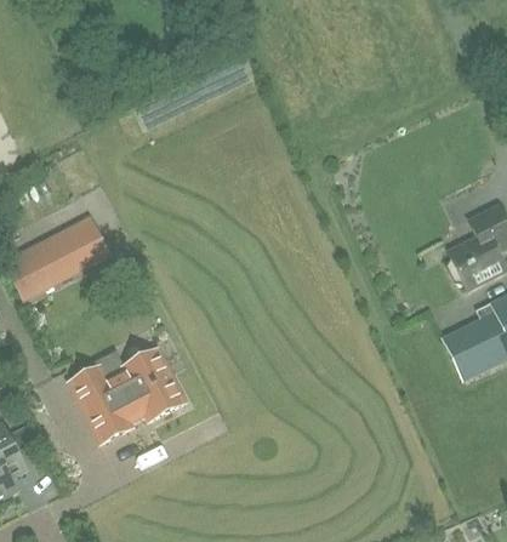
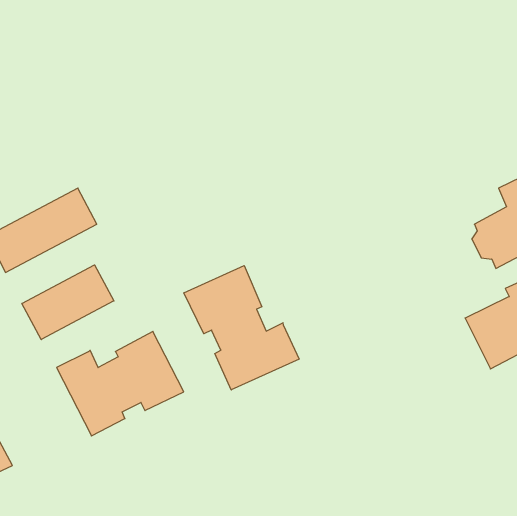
building: none -> [22,265,114,340]
building: none -> [184,266,299,390]

